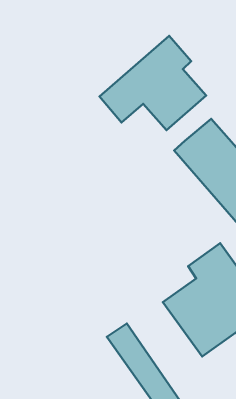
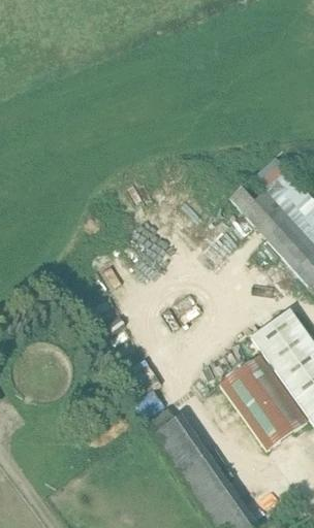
building: [100,36,206,130] -> none

